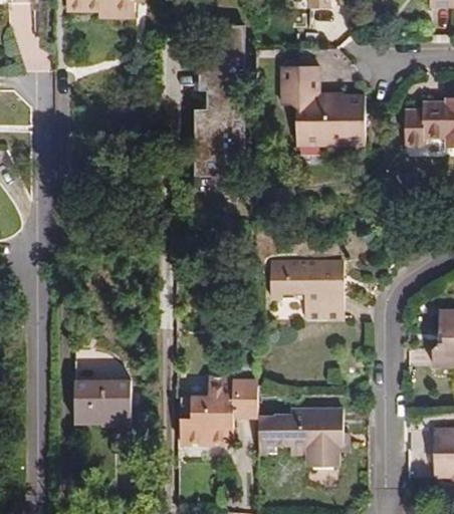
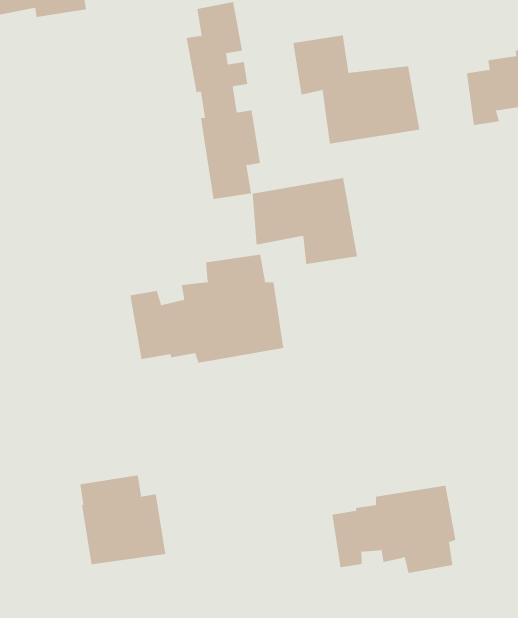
building: none -> [130,254,284,363]
building: [270,259,344,318] -> [252,178,358,265]
building: [179,376,256,445] -> none

